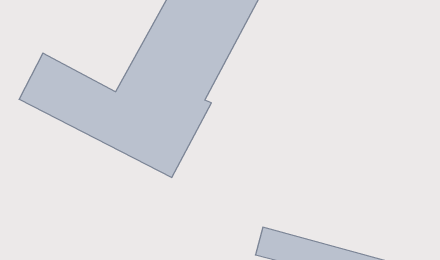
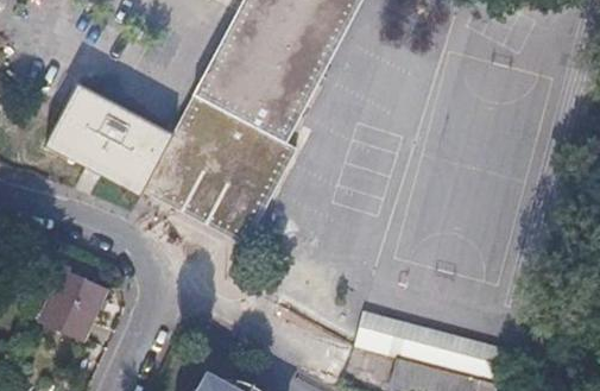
building: none -> [38,270,103,339]

